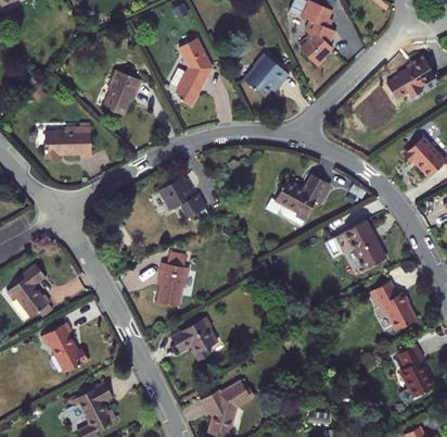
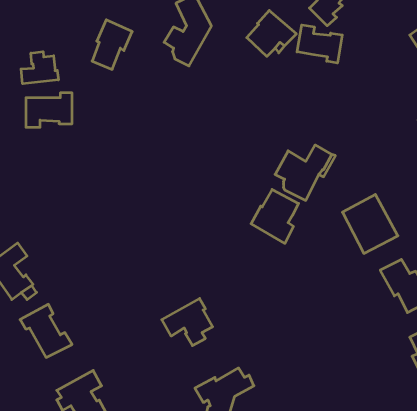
building: none -> [297,25,342,63]
building: none -> [21,52,58,84]
building: [157,180,206,223] -> none
building: none -> [251,189,299,243]
building: [157,257,187,310] -> none

